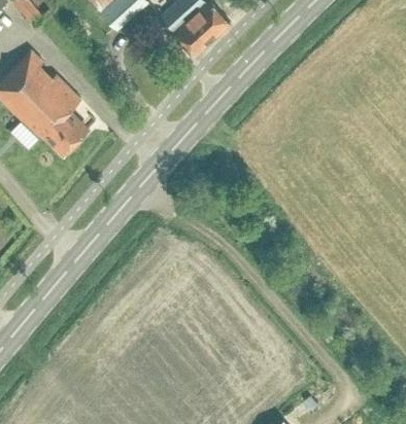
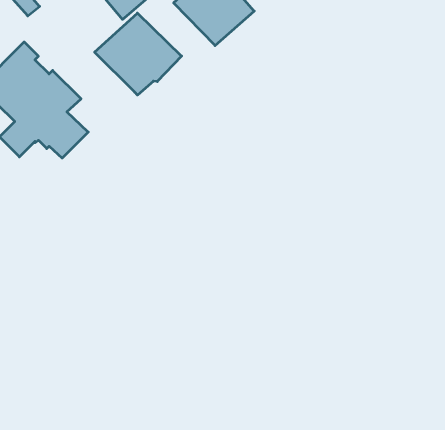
building: none -> [95,13,182,95]

